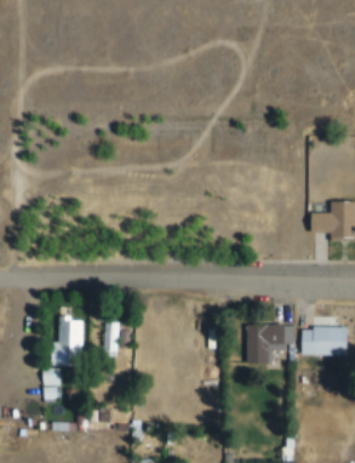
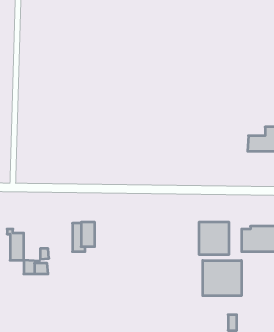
building: [63,315,84,354] -> [7,229,24,260]
building: none -> [203,260,241,296]

